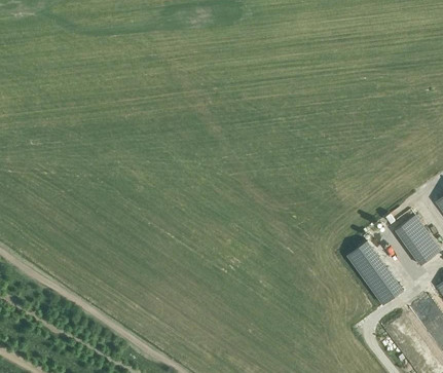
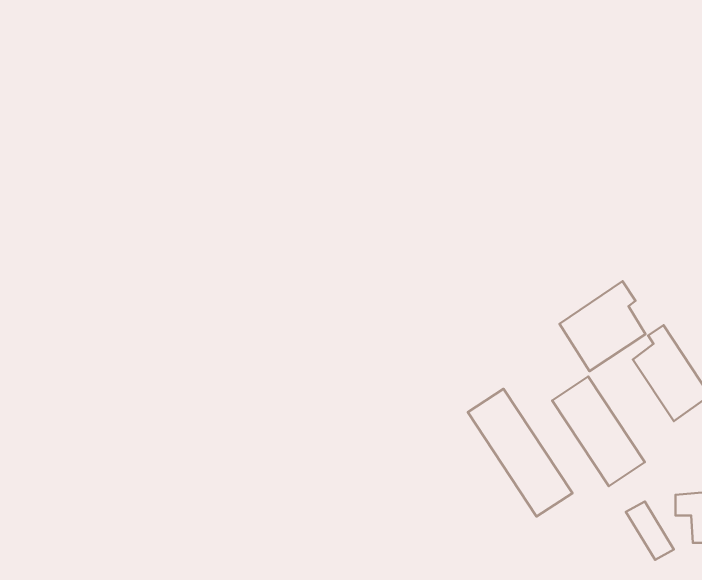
building: none -> [559,281,645,371]
building: none -> [468,389,572,517]

